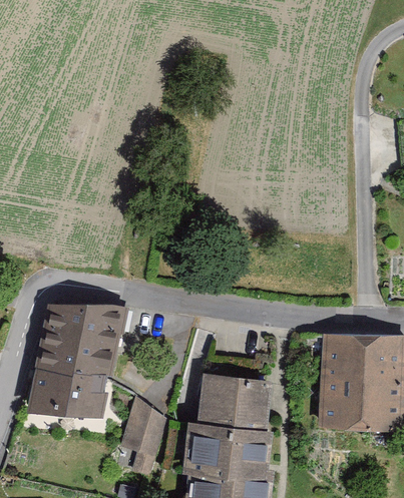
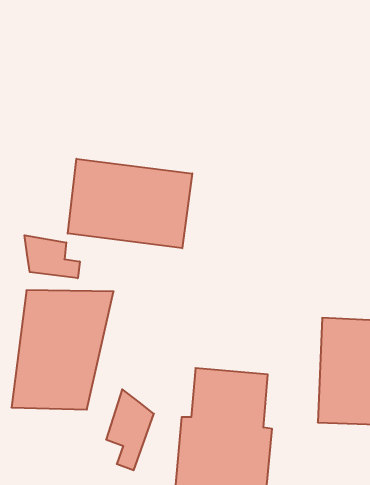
building: none -> [68,159,192,248]
building: none -> [24,235,80,278]

